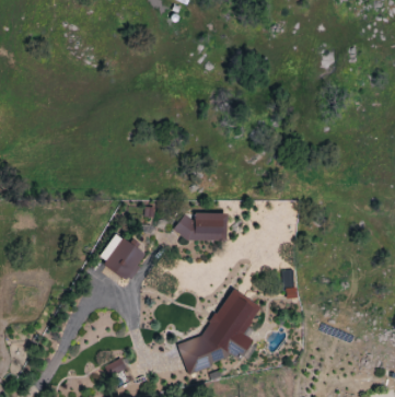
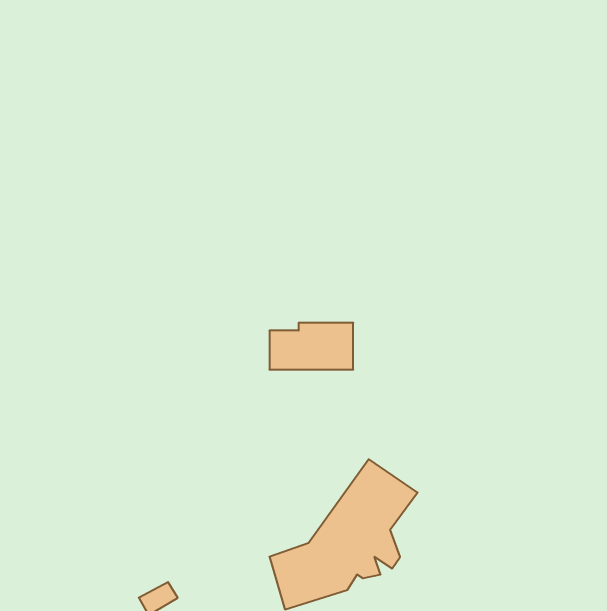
building: [97,233,144,280] -> none

